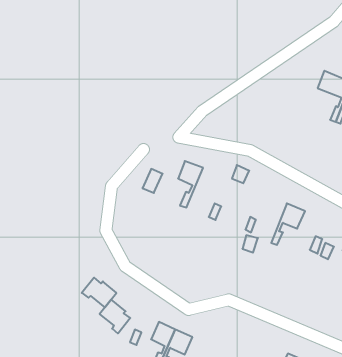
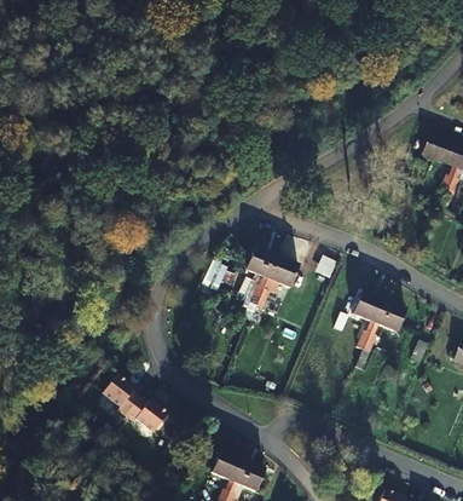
building: none -> [256,257,297,309]
building: none -> [352,293,382,351]
building: [100,300,130,333] -> [102,372,140,414]

